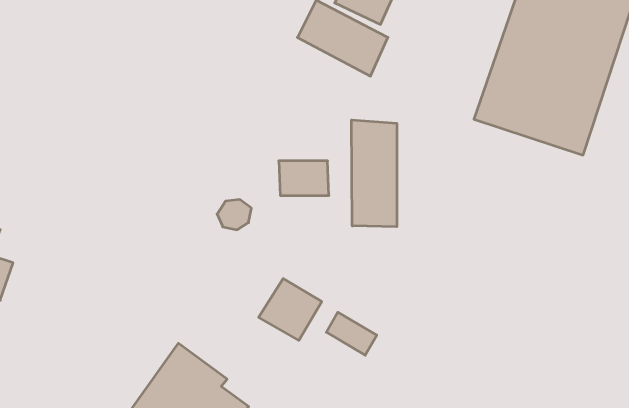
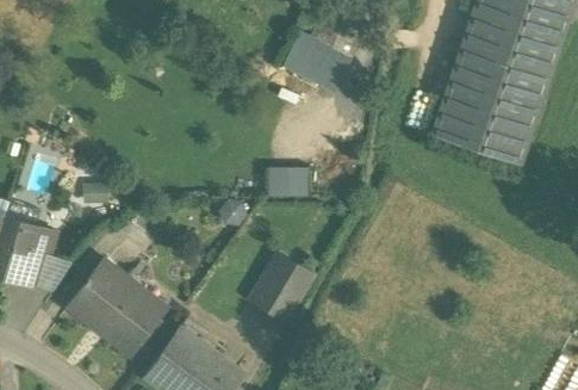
building: [352,120,397,227] -> none
building: none -> [68,260,167,355]
building: [326,312,377,355] -> [273,250,315,286]

